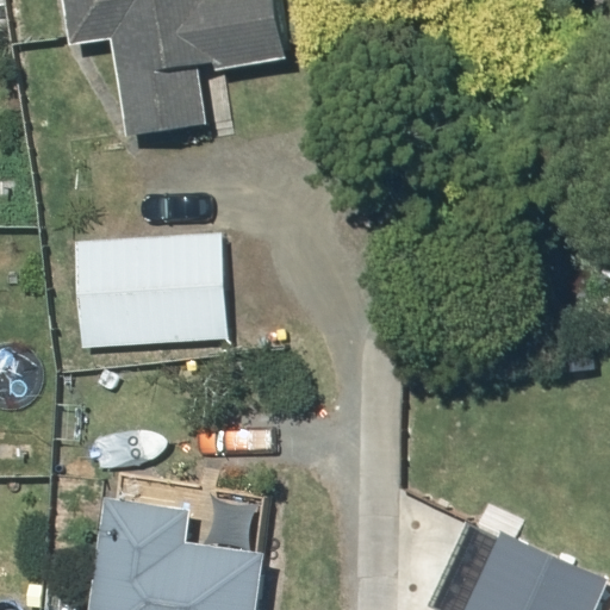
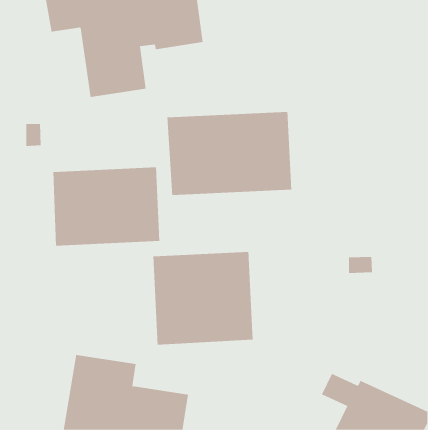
building: none -> [167,111,292,196]
building: none -> [153,251,253,346]

